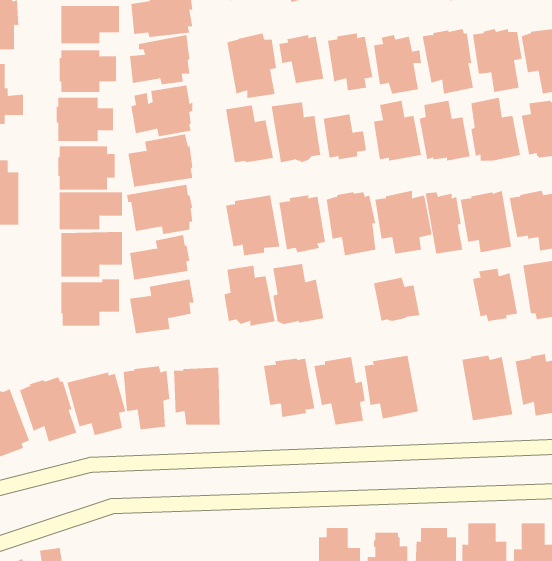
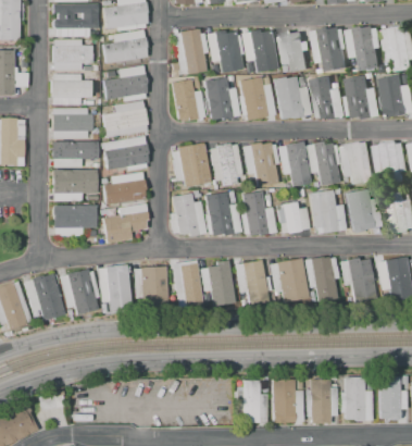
building: none -> [308,189,347,235]
building: none -> [240,191,277,235]
building: none -> [304,257,341,302]
building: none -> [172,261,202,308]

